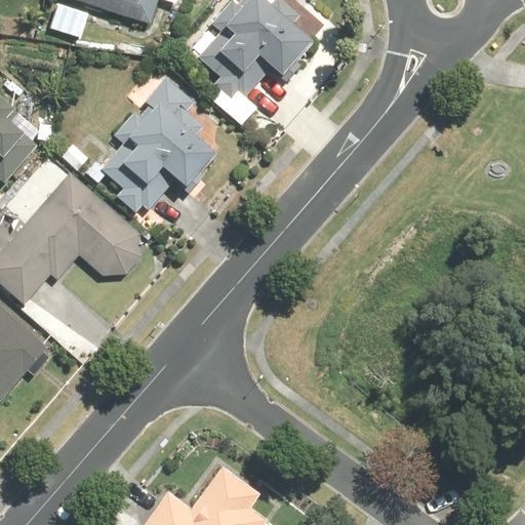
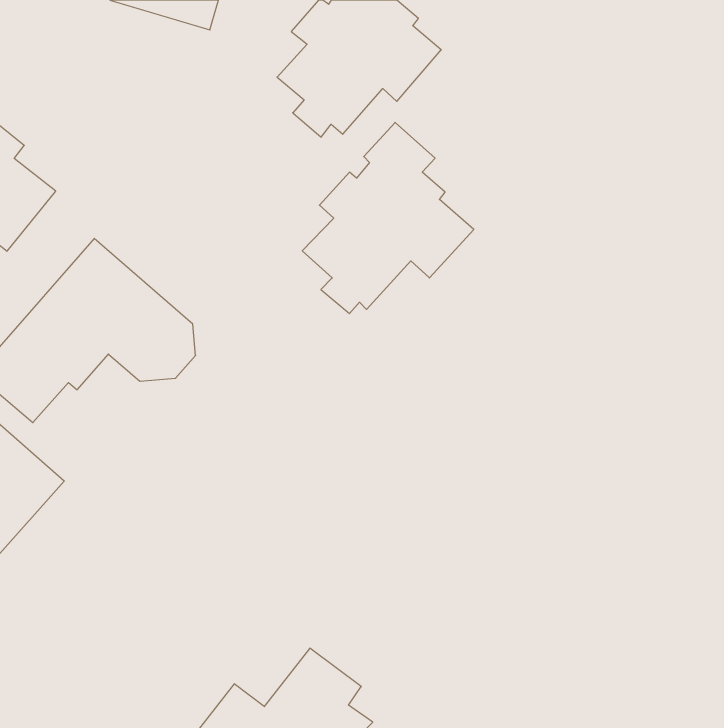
building: [100,76,224,213] -> [302,122,474,314]

